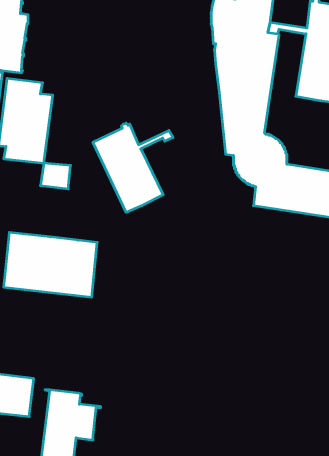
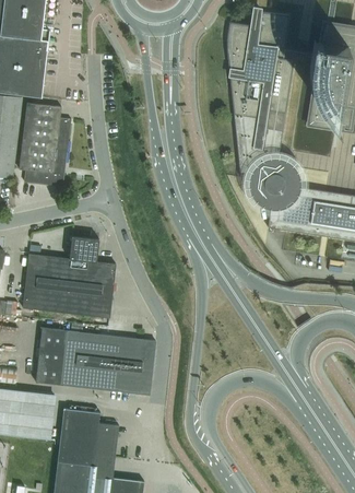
building: [93,123,173,212] -> none
building: [40,163,71,189] -> [69,236,98,261]
building: none -> [35,327,155,395]

